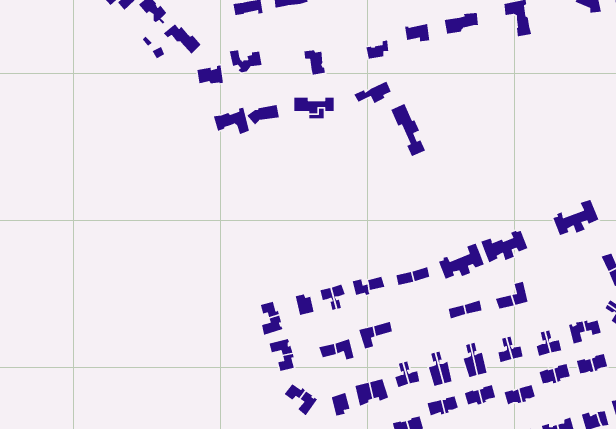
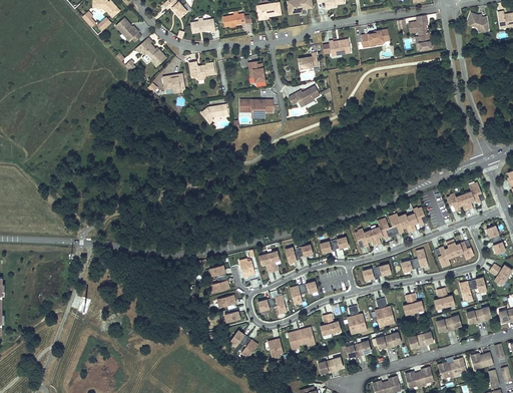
building: [390,103,426,157] -> none
building: [213,107,250,135] -> none
building: none -> [435,239,474,267]

